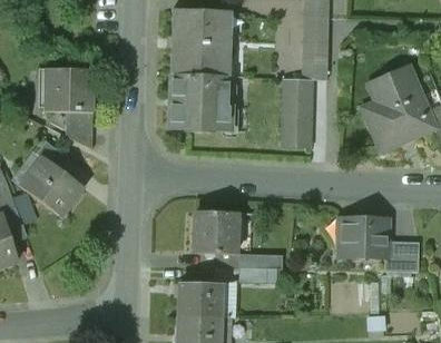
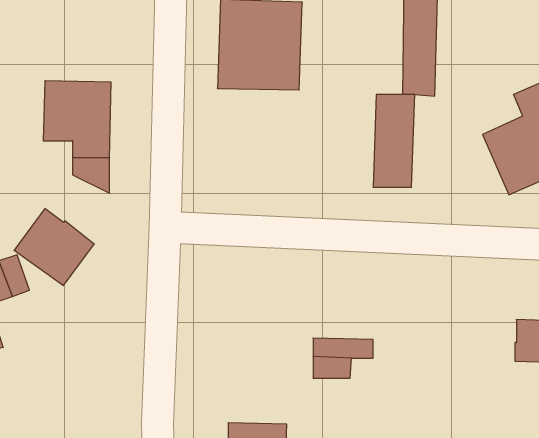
building: [169,74,232,129] -> none
building: [195,210,236,254] -> none
building: [341,217,388,257] -> none
building: [178,282,222,316] -> none

